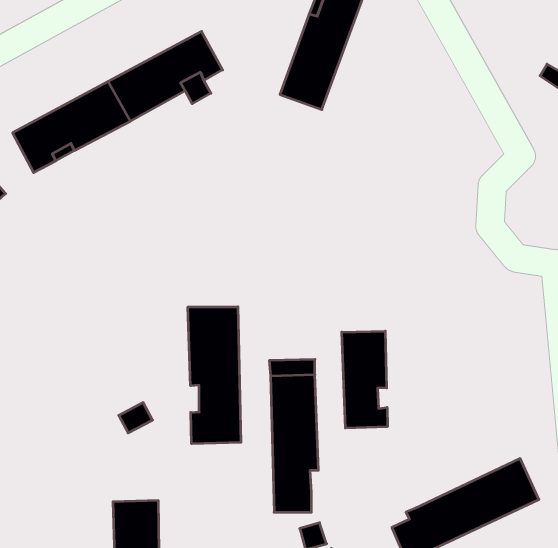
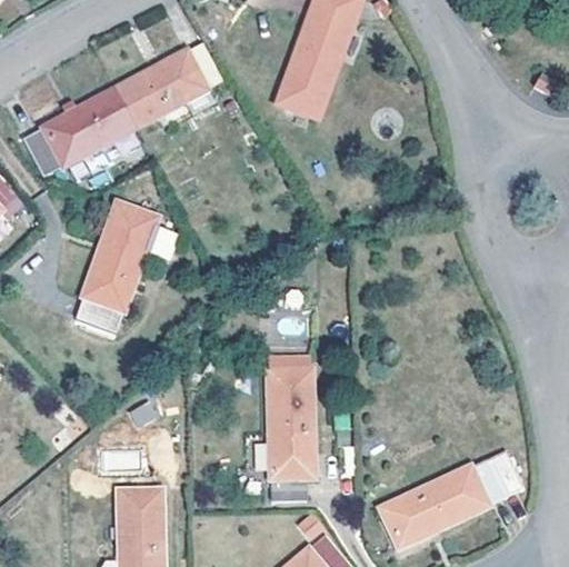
building: none -> [74,203,156,332]
building: [188,307,241,444] -> none
building: [342,331,387,428] -> none

